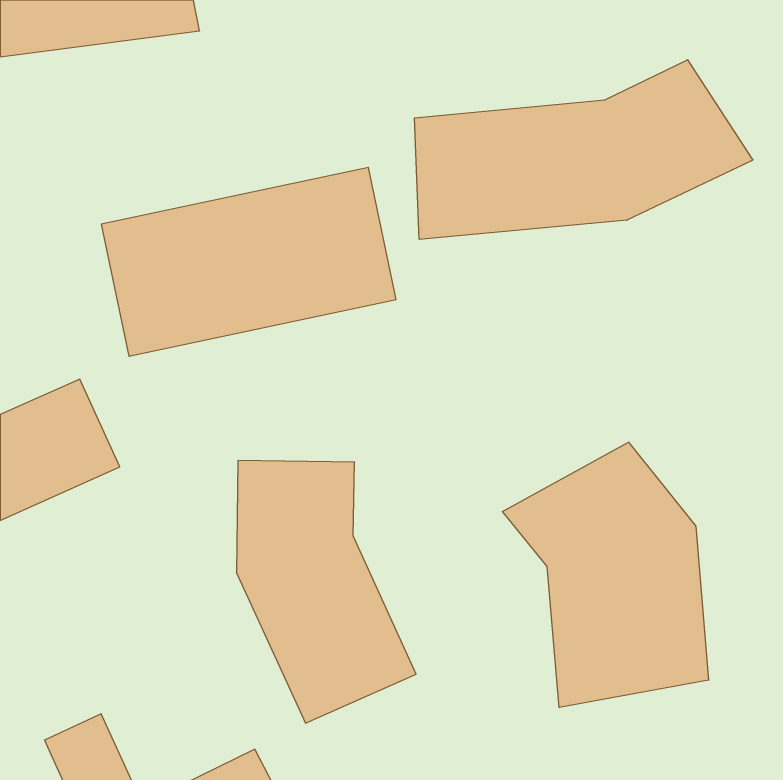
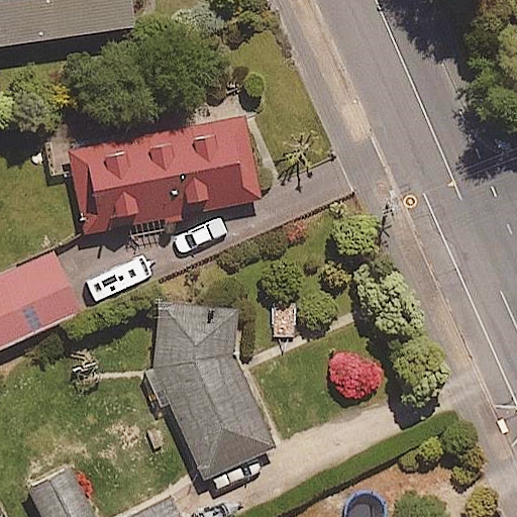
building: [414,60,753,239] -> none
building: [502,442,708,708] -> none

